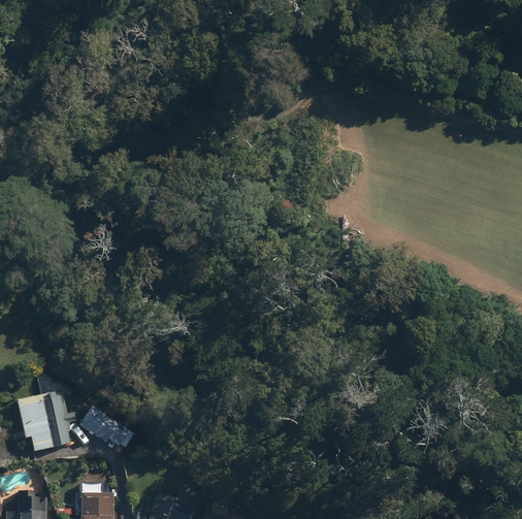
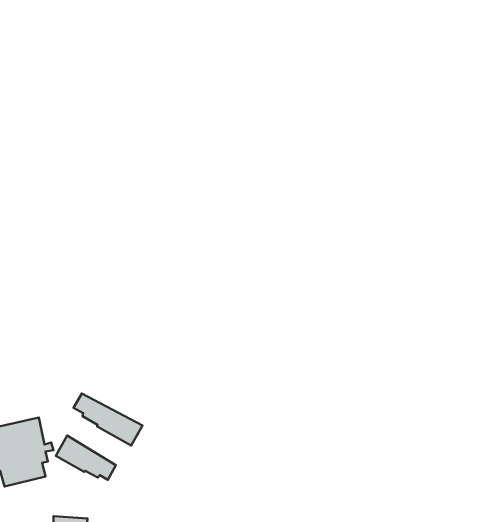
building: none -> [74,394,142,445]

